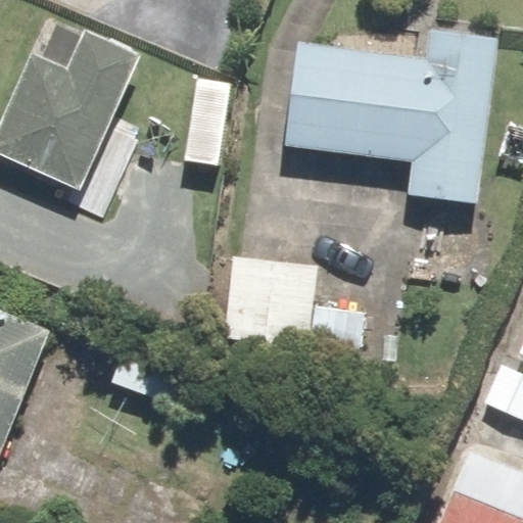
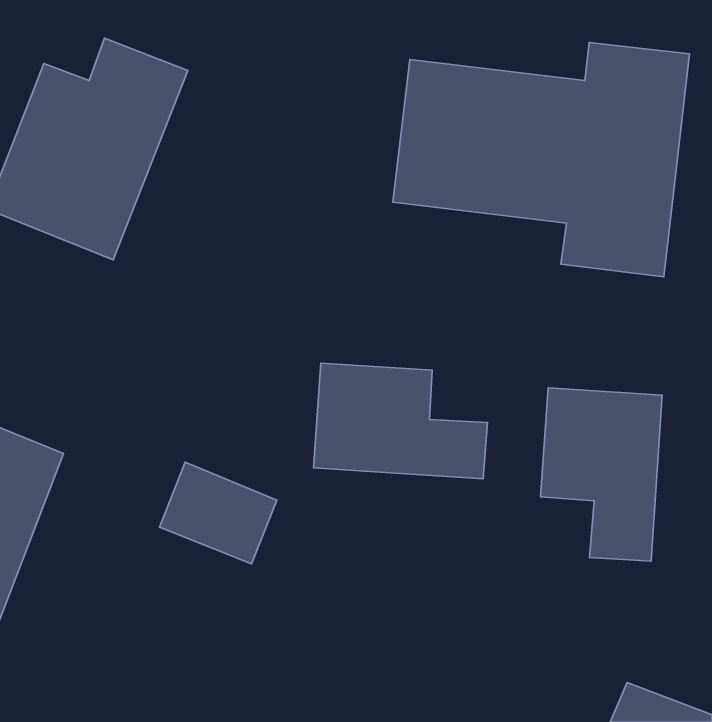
building: none -> [540,388,662,561]

